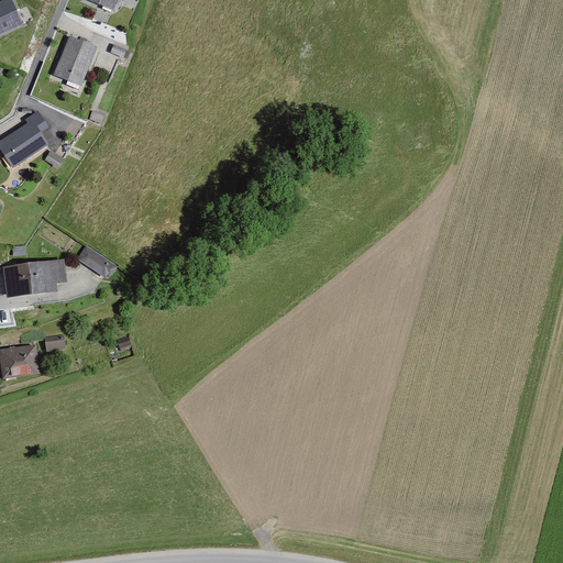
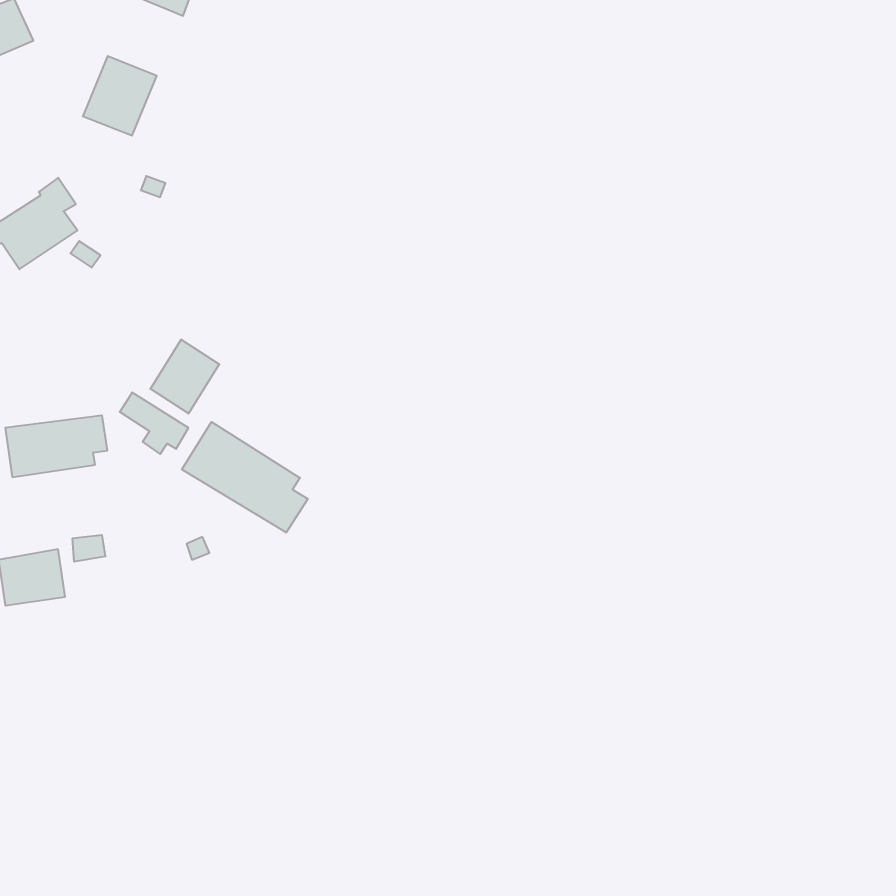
building: none -> [150,339,219,414]
building: none -> [182,422,308,533]

